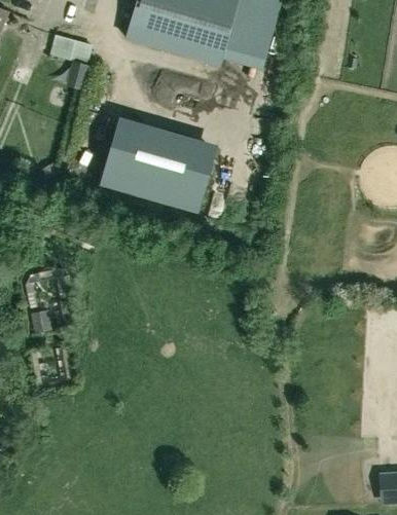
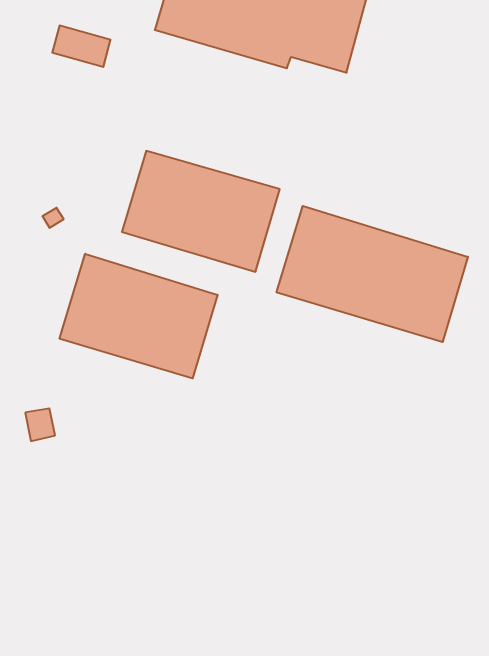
building: none -> [277,206,468,342]
building: none -> [60,254,218,378]

